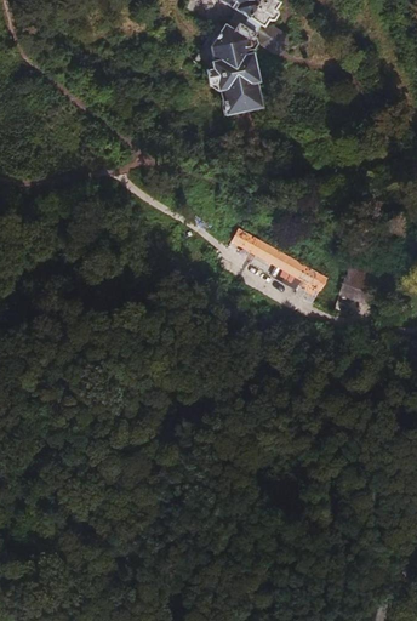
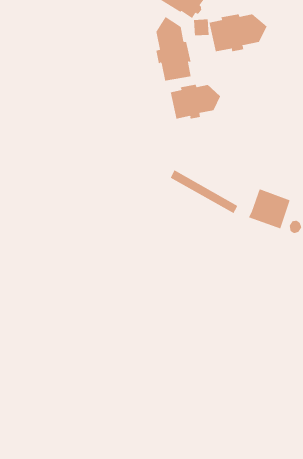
building: none -> [209,13,268,52]
building: none -> [170,84,221,120]

